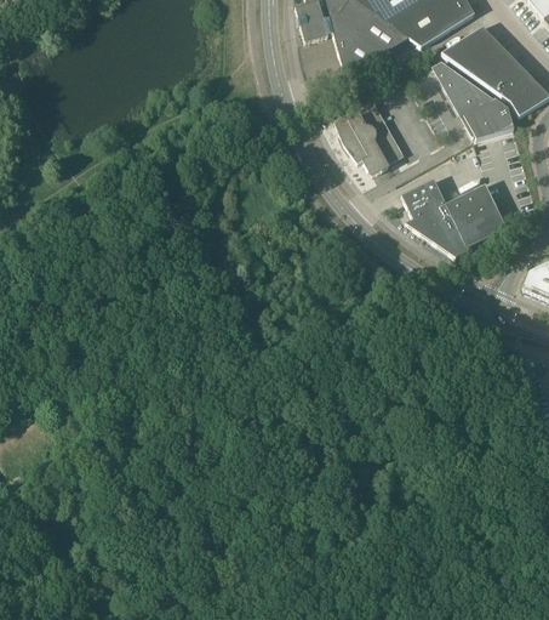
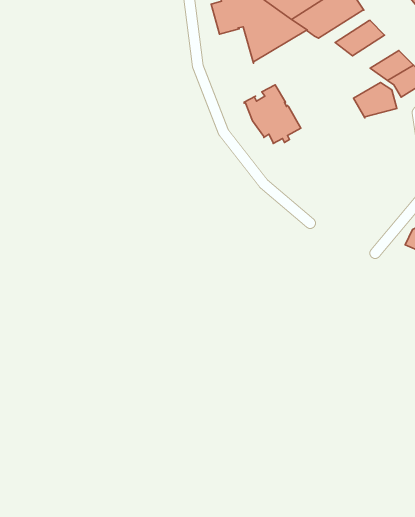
building: [462,42,516,81] -> none
building: [434,61,494,116] -> none
building: [401,178,507,256] -> none

